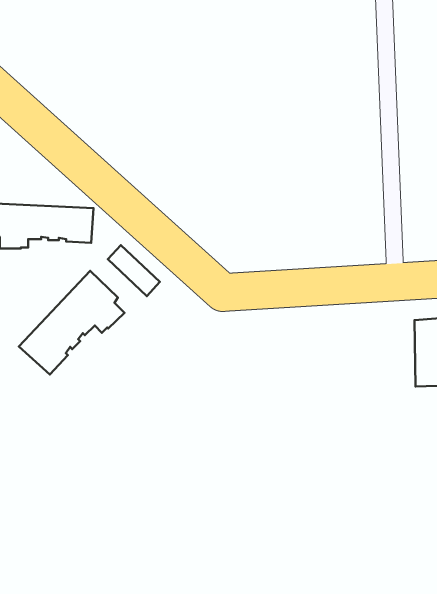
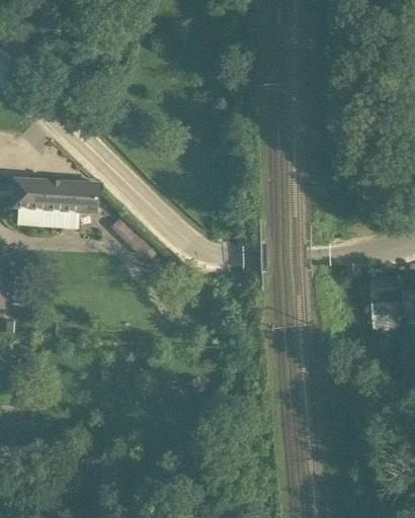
building: [19,271,124,374] -> none

